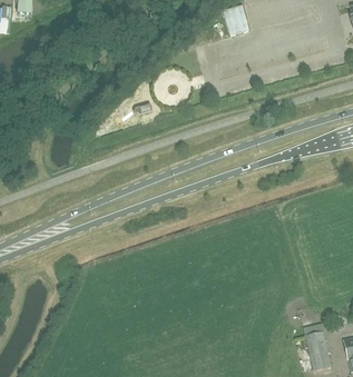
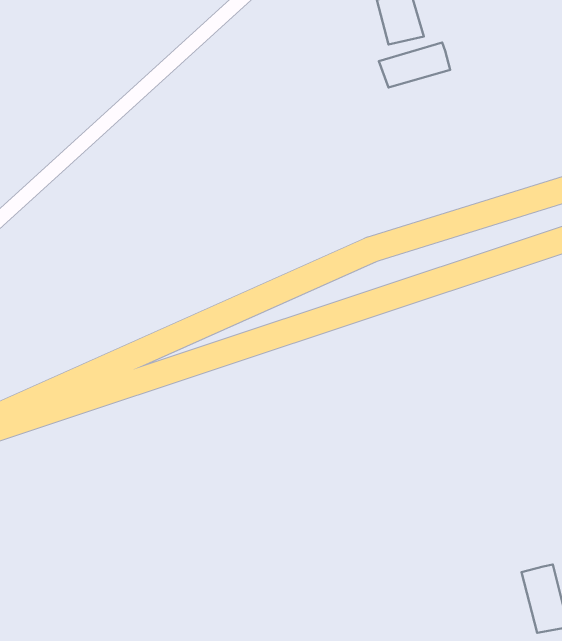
building: none -> [379,43,450,87]

